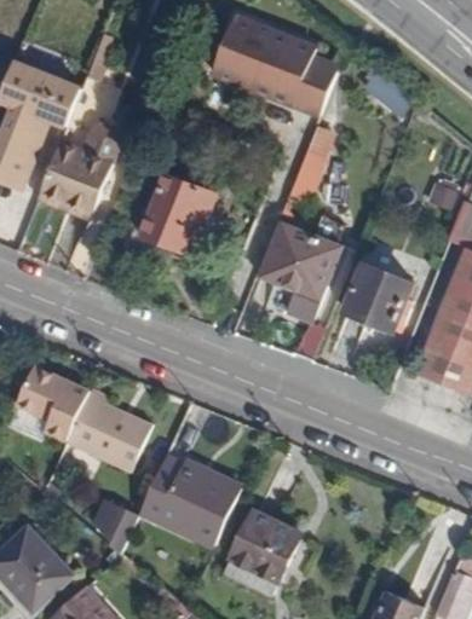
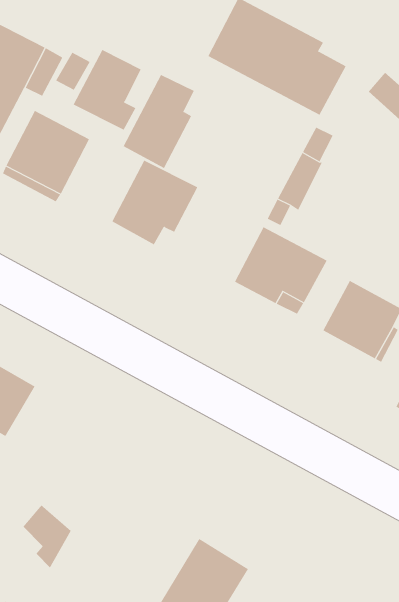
building: none -> [73,49,142,131]
building: none -> [123,74,195,169]
building: [67,388,151,470] -> none
building: [138,457,240,548] -> none

